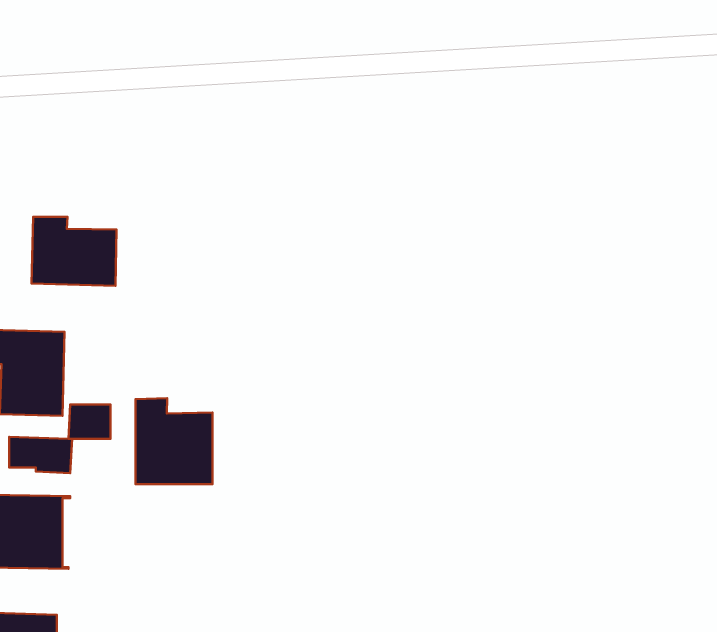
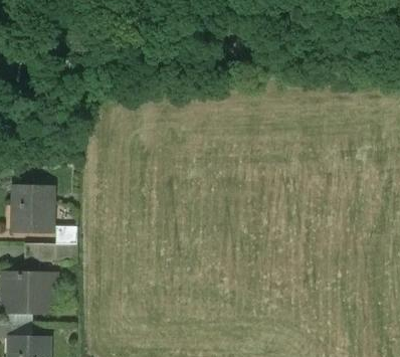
building: [31,217,117,286] -> none
building: [135,398,213,484] -> none

